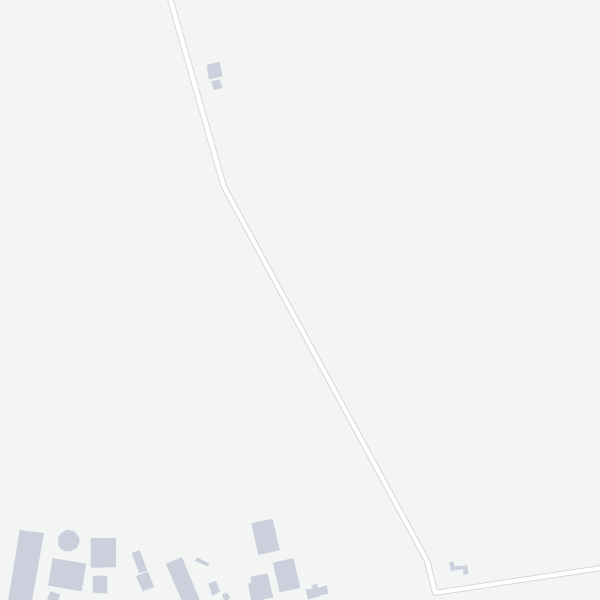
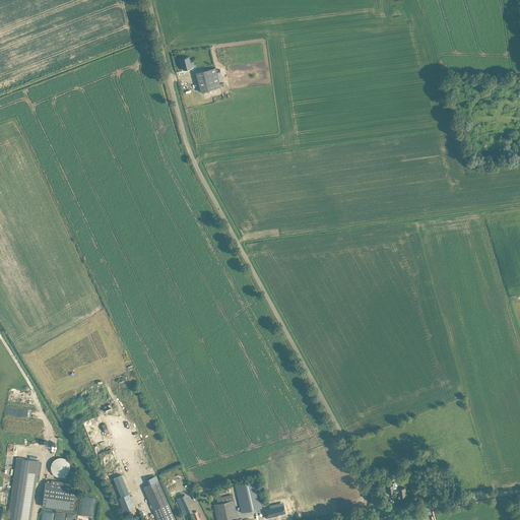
building: none -> [195,68,219,92]
building: [251,518,280,556] -> none
building: [90,537,117,568] -> none

